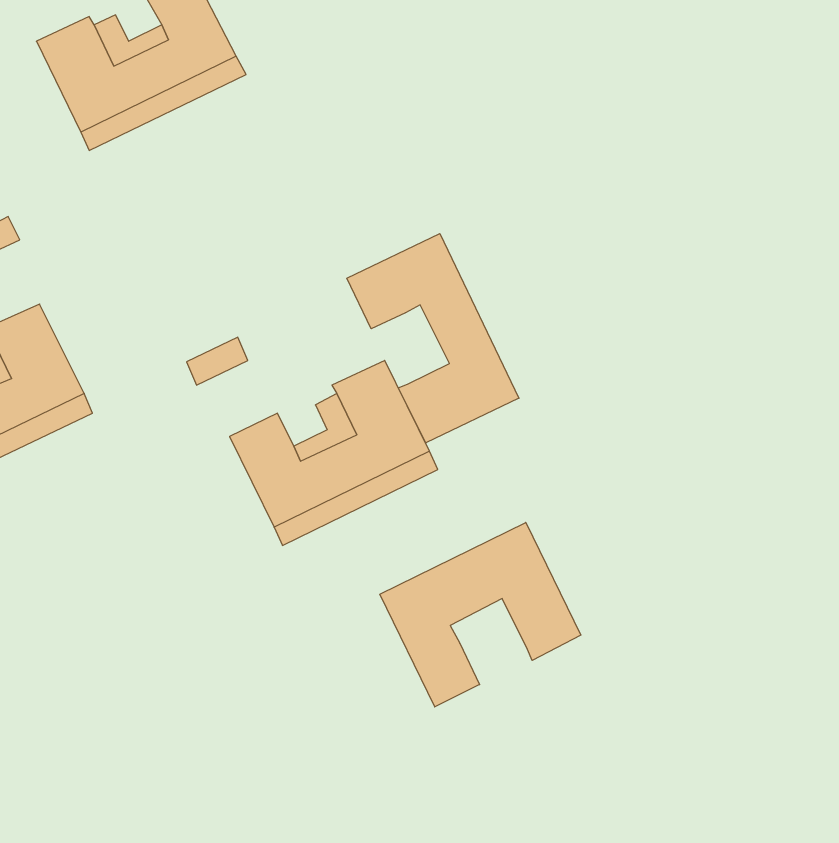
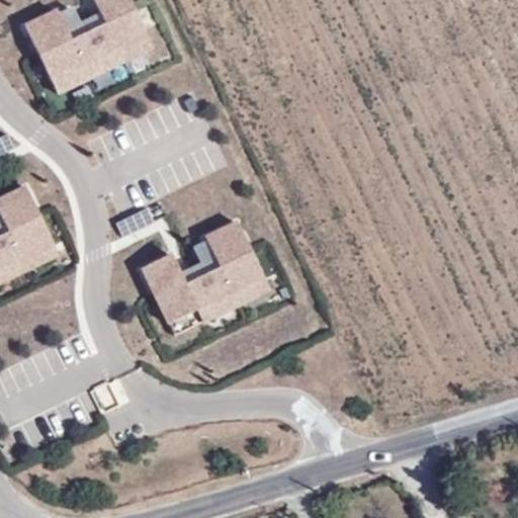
building: [347,234,519,443] -> none
building: [380,522,581,707] -> none

